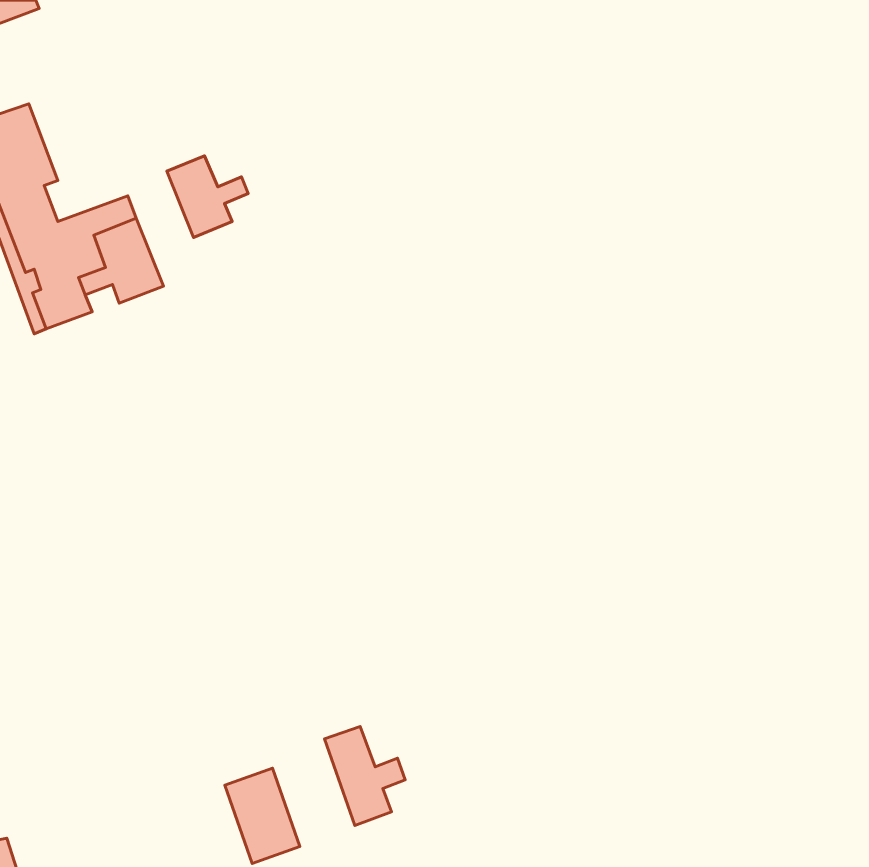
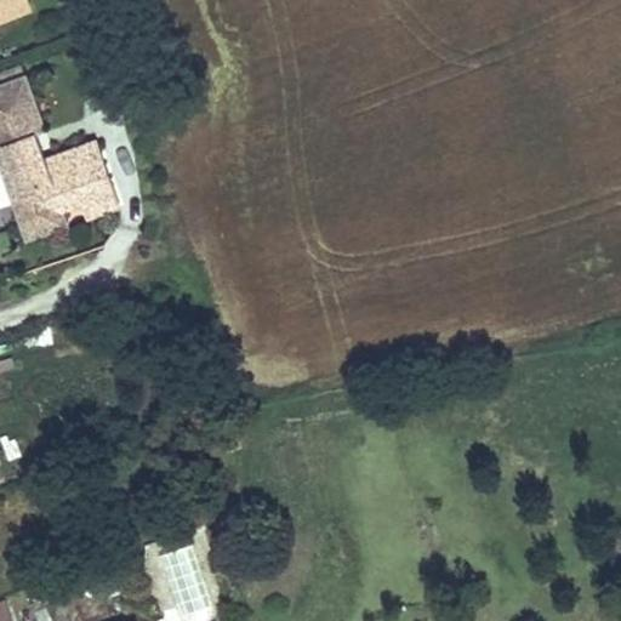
building: [167,156,248,238] -> none
building: [325,726,405,825] -> none

